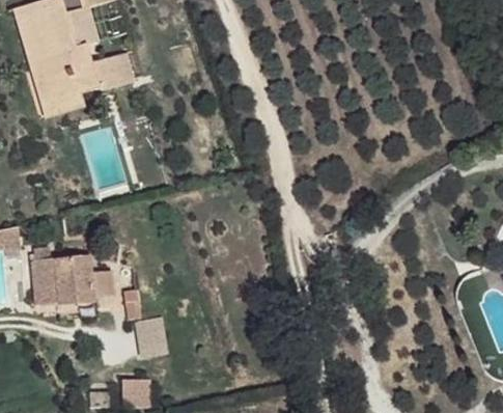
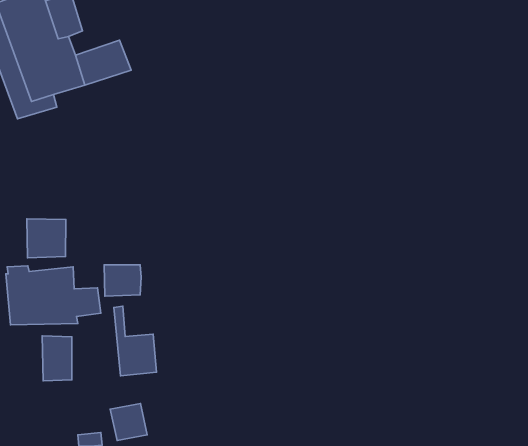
building: none -> [27,219,66,258]
building: none -> [104,265,141,296]
building: none -> [42,336,72,381]

